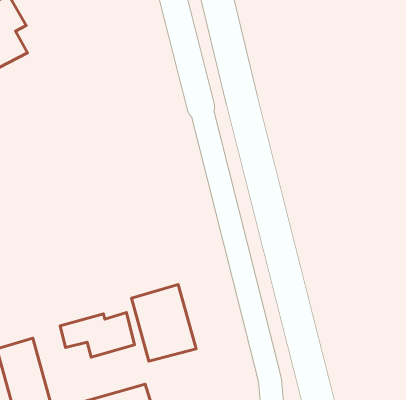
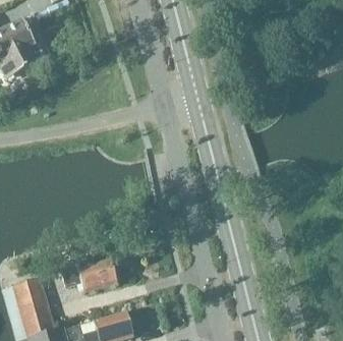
building: [131,285,196,361] -> none

